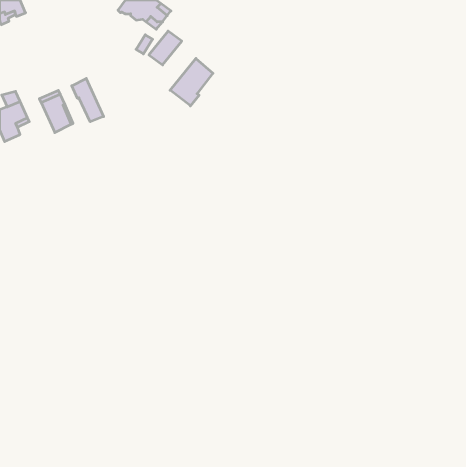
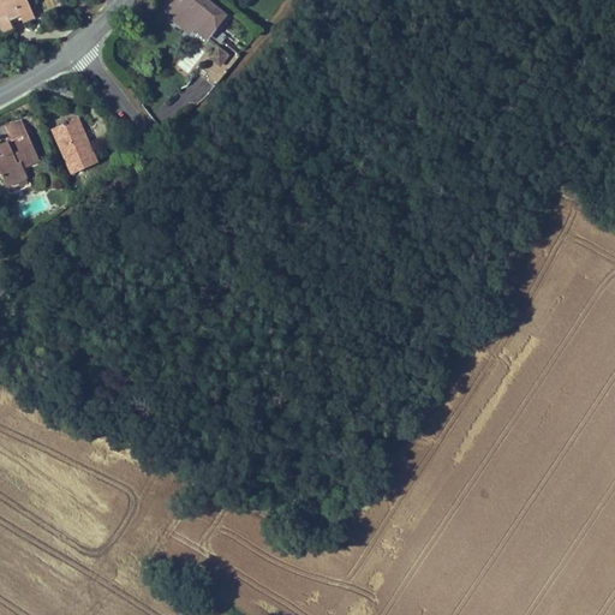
building: [170,58,213,106] -> none
building: [72,78,104,122] -> none

